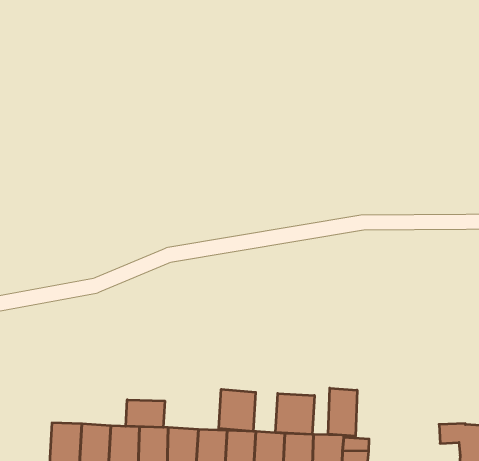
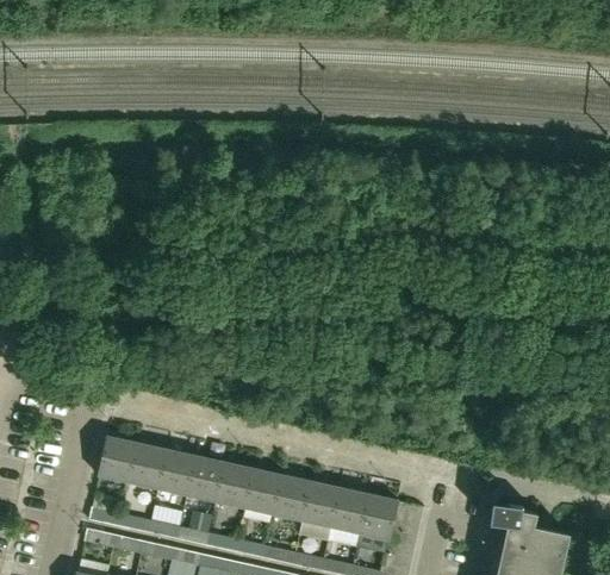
building: [328,388,357,436] -> none
building: [219,389,256,431] -> none
building: [276,393,314,434] -> none
building: [126,400,165,427] -> none

